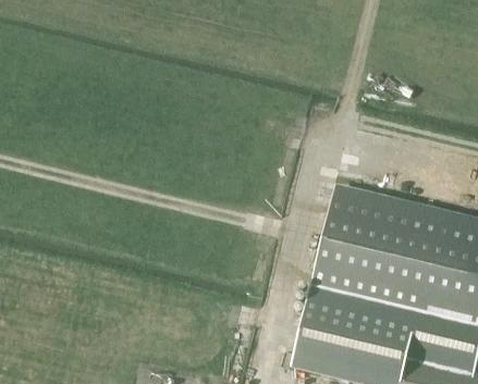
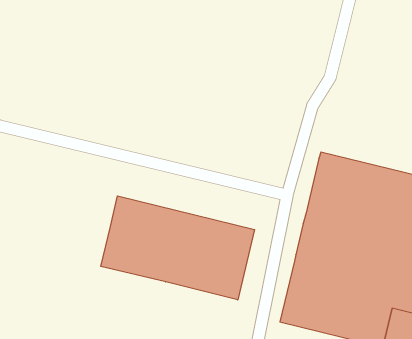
building: none -> [101,196,255,300]

